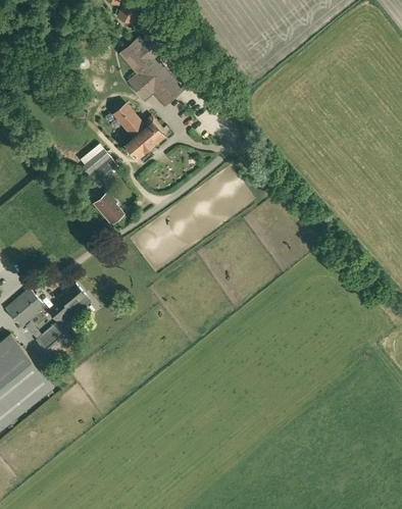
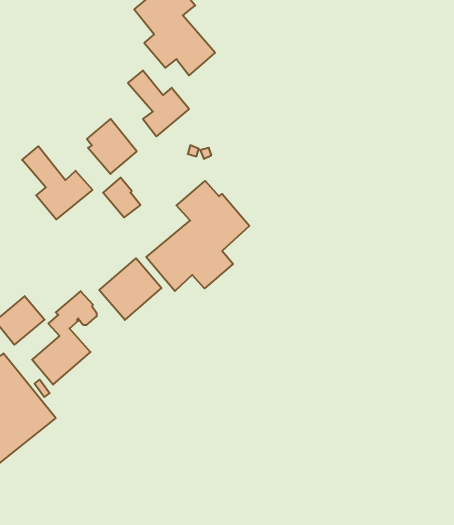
building: none -> [22,146,92,219]
building: none -> [146,181,249,291]
building: none -> [99,258,161,320]

